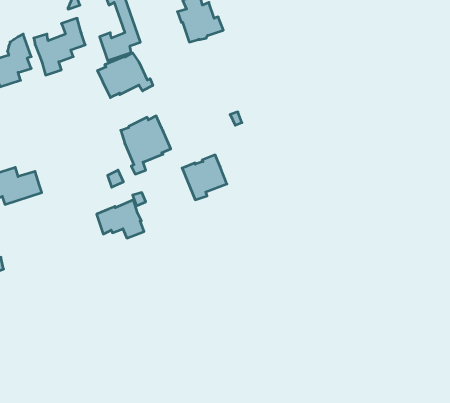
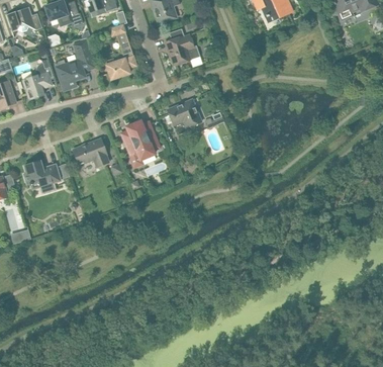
building: [98,53,153,98] -> none
building: [182,155,227,200] -> [167,99,201,133]
building: [97,200,144,238] -> [73,137,109,167]

